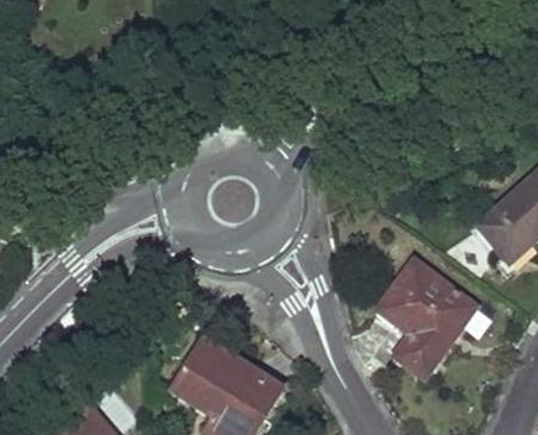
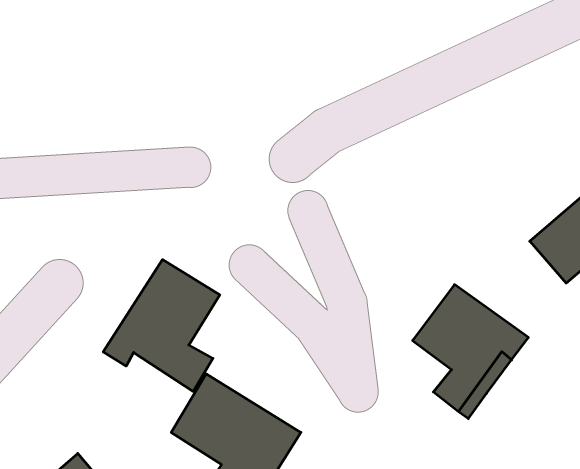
building: none -> [103,260,220,391]

